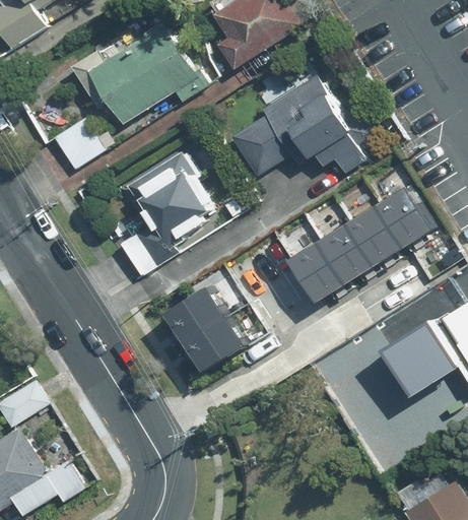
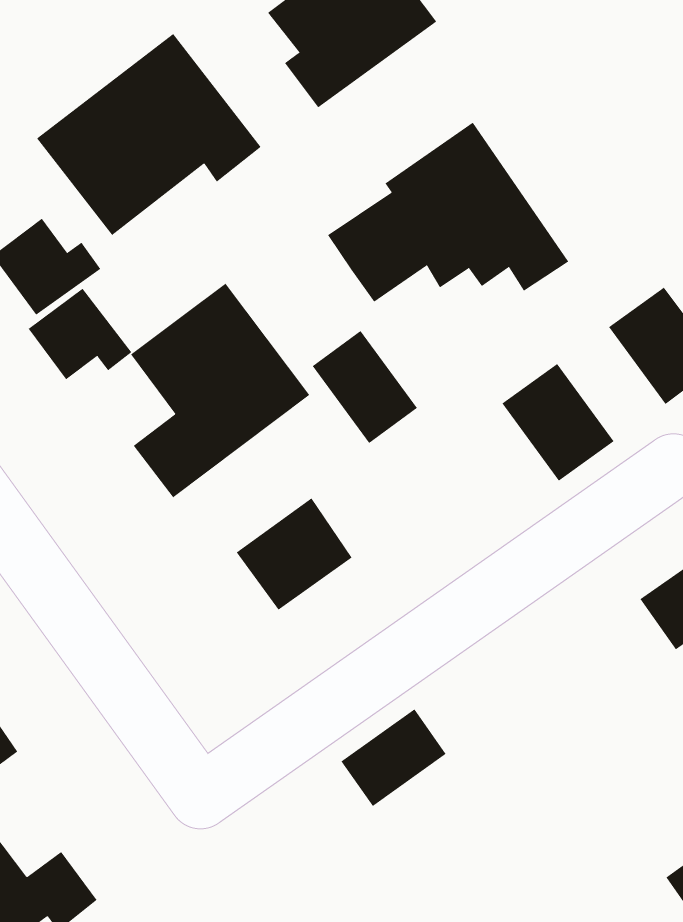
building: none -> [28,288,132,380]
building: [351,199,407,260] -> none
building: [292,236,347,297] -> [312,330,418,444]
building: [193,312,250,363] -> [340,708,447,807]

